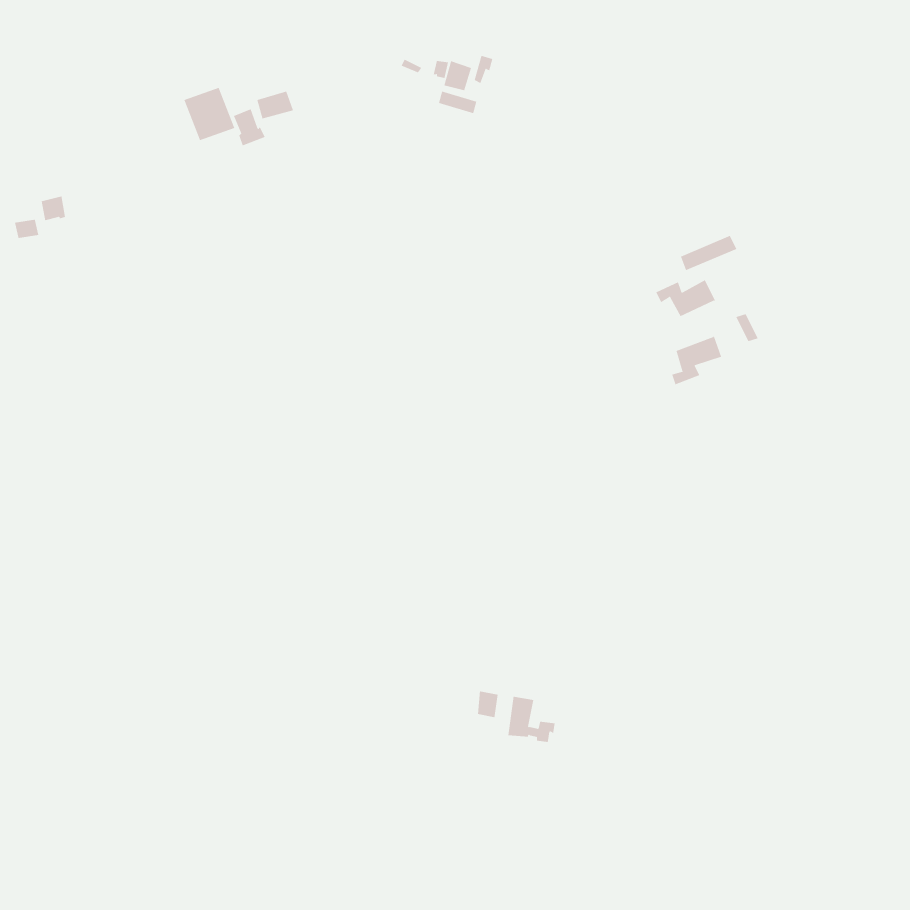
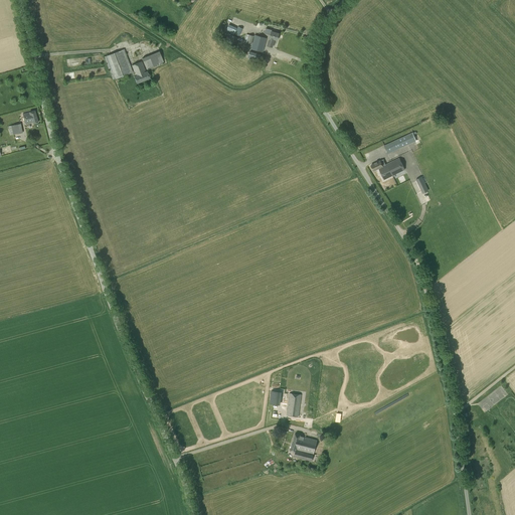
building: [671,335,722,385] -> none
building: none -> [290,434,317,461]

